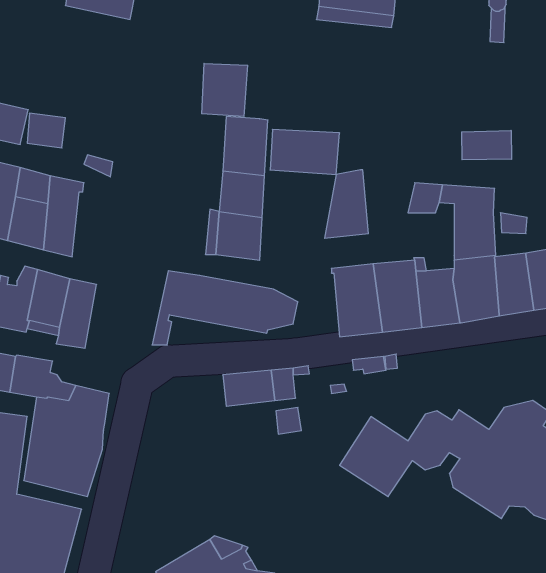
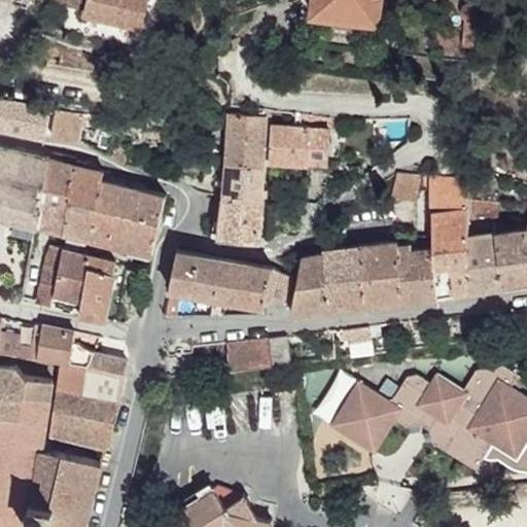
building: [202,63,248,116] -> none
building: [462,130,512,160] -> none
building: [325,170,368,238] -> [290,254,329,315]
building: none -> [92,182,165,255]

